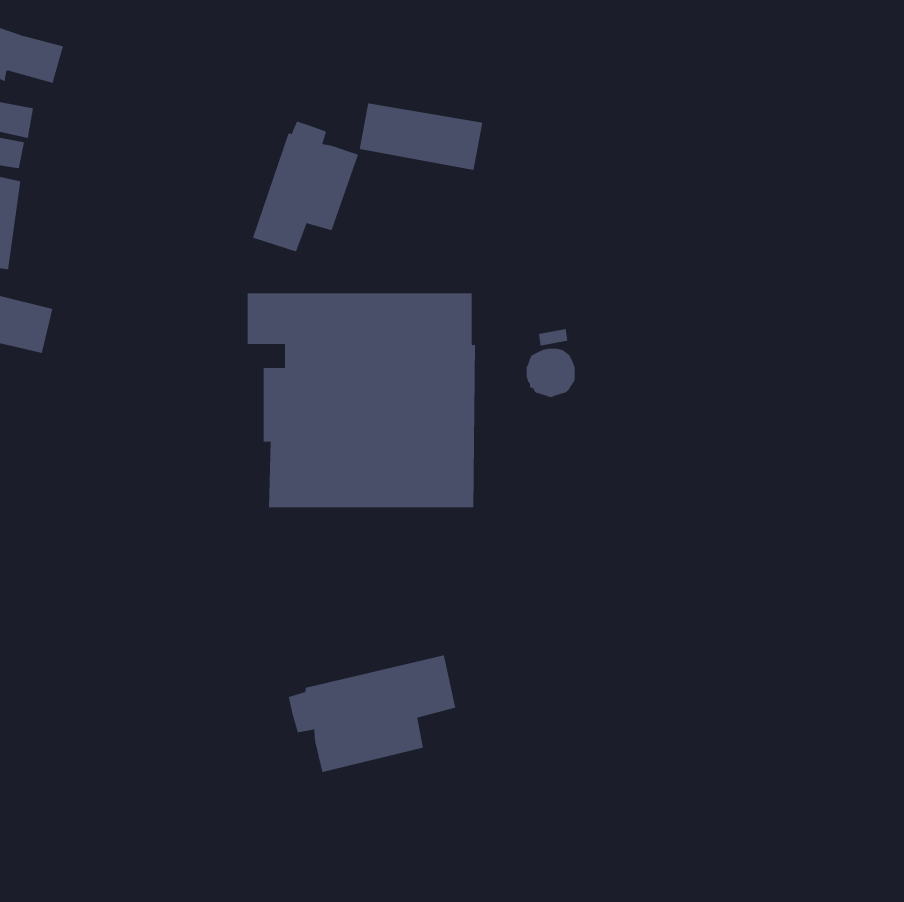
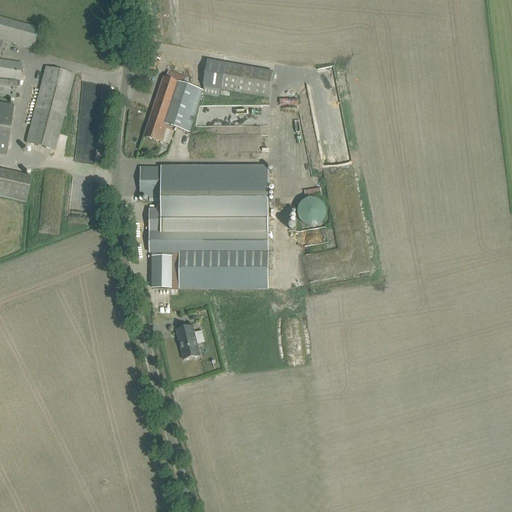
building: none -> [24,65,72,147]
building: none -> [174,323,198,358]
building: [288,655,456,773] -> none

